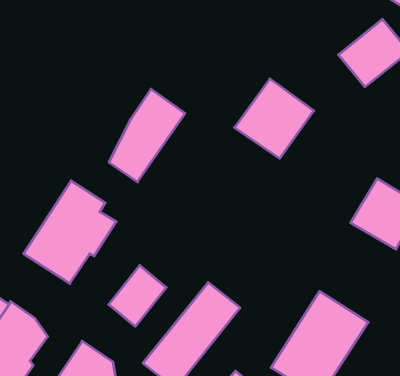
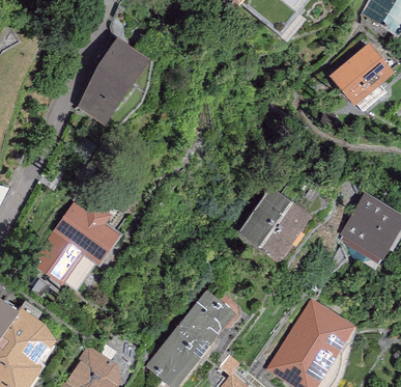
building: [234,79,314,158] -> [237,187,312,261]
building: [109,89,185,182] -> [78,38,149,126]
building: [109,265,166,326] -> none

